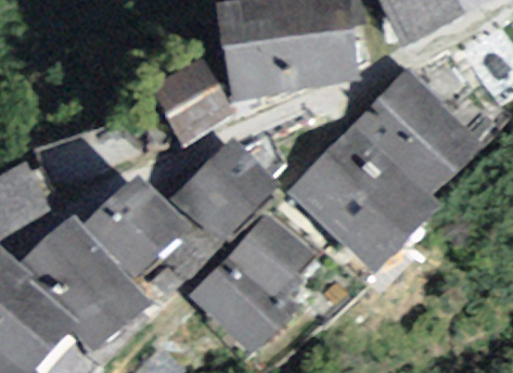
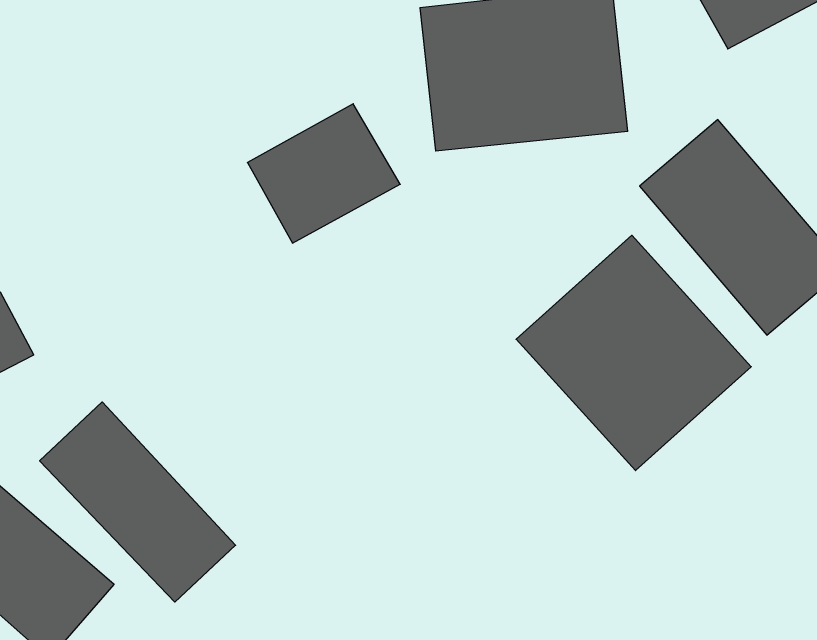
building: [174,152,257,235] -> none
building: [100,186,189,276] -> none
building: [203,222,315,337] -> none

